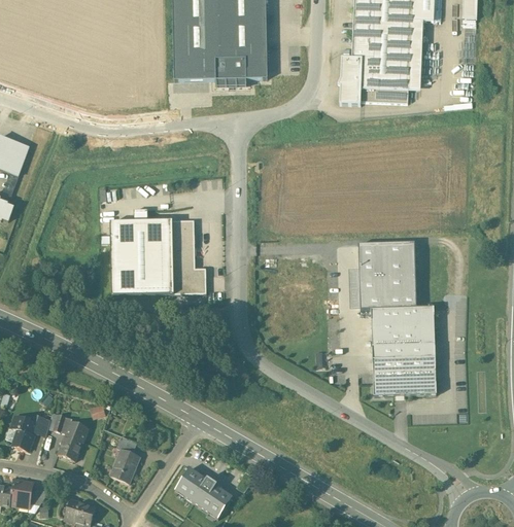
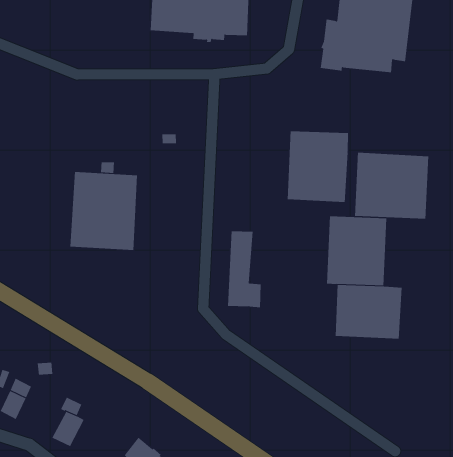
building: none -> [287,130,348,203]
building: none -> [355,152,429,220]
building: [173,218,207,291] -> [227,231,261,308]
building: [373,356,437,395] -> none

